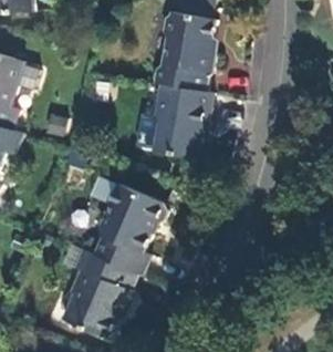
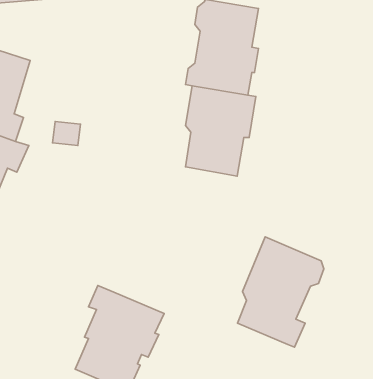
building: [95,182,167,273] -> [237,237,324,347]

